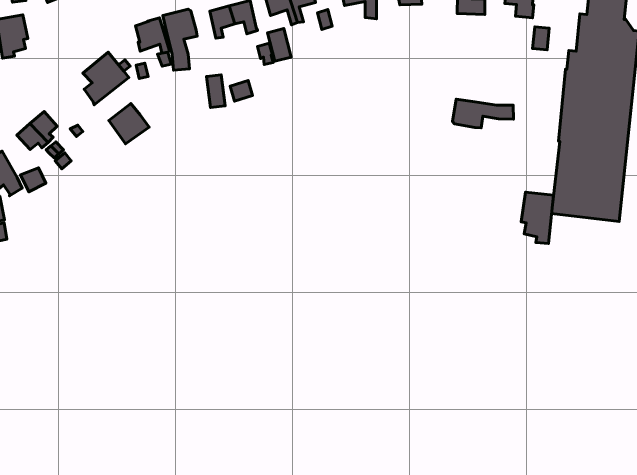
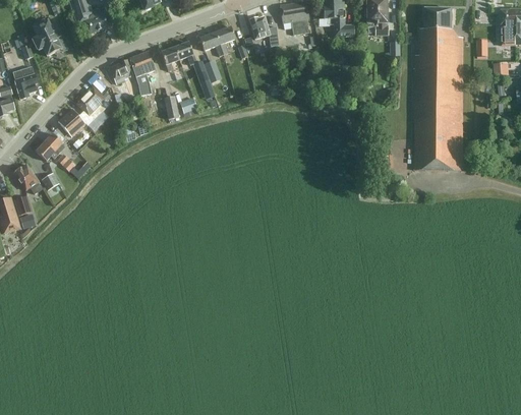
building: [453,99,513,128] -> none
building: [109,104,149,144] -> [57,107,85,135]
building: [521,192,553,243] -> none

